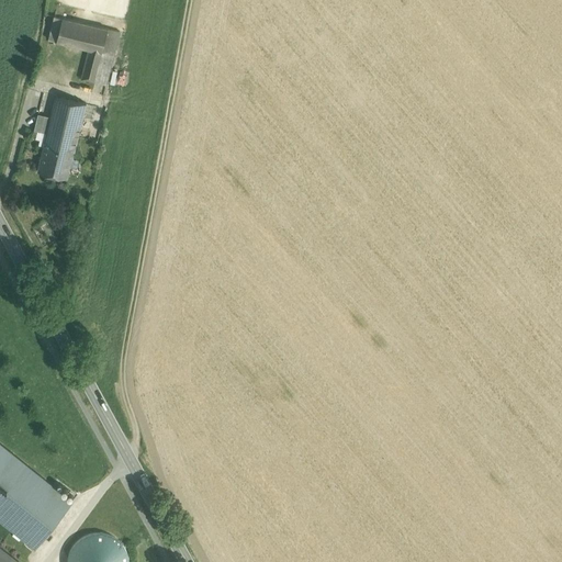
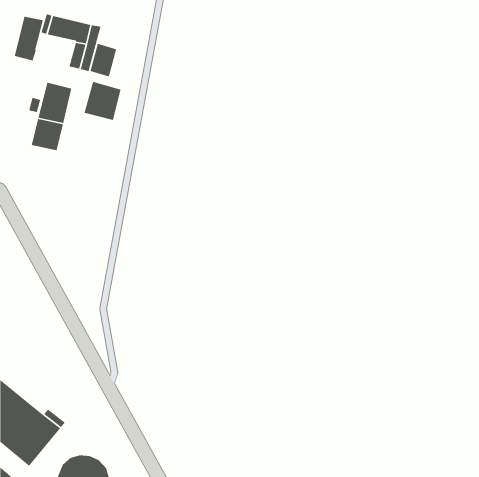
building: none -> [14,16,44,61]
building: none -> [89,43,117,78]
building: none -> [83,81,121,121]

